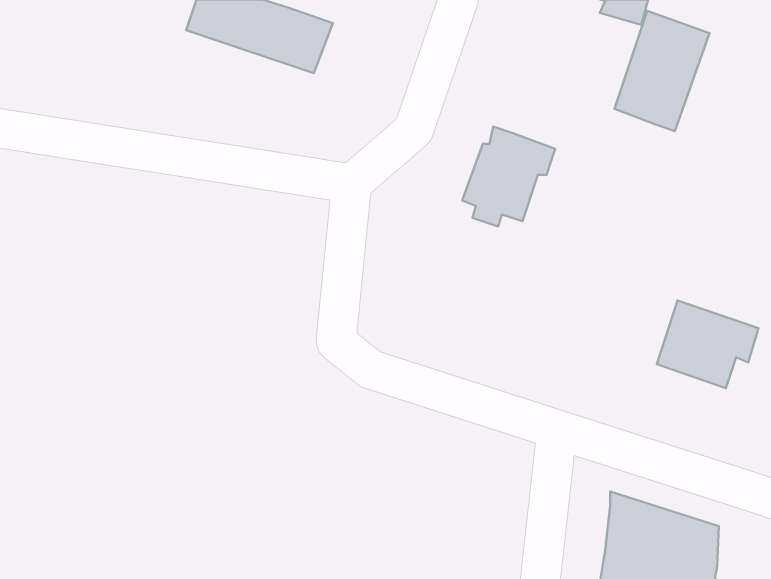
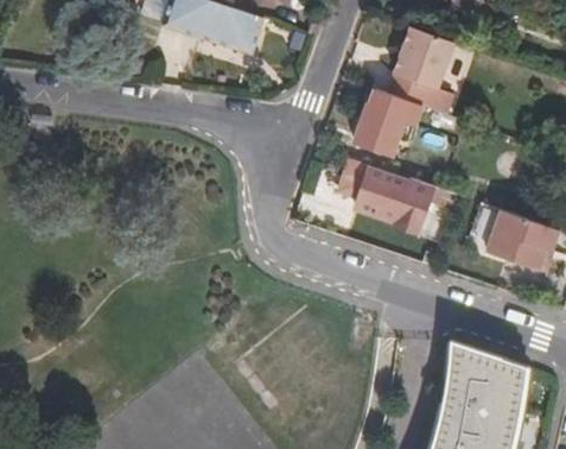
building: [615,11,709,131] -> [386,26,451,109]
building: none -> [352,167,431,232]

